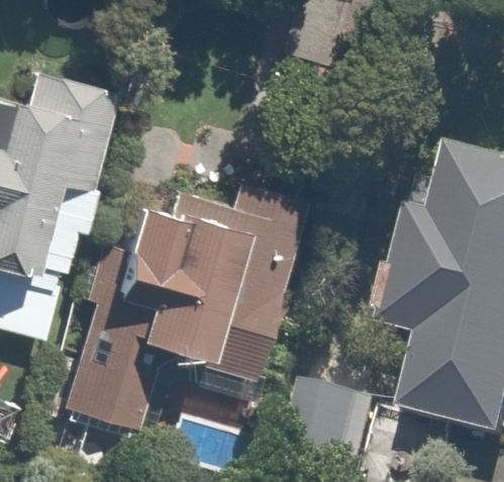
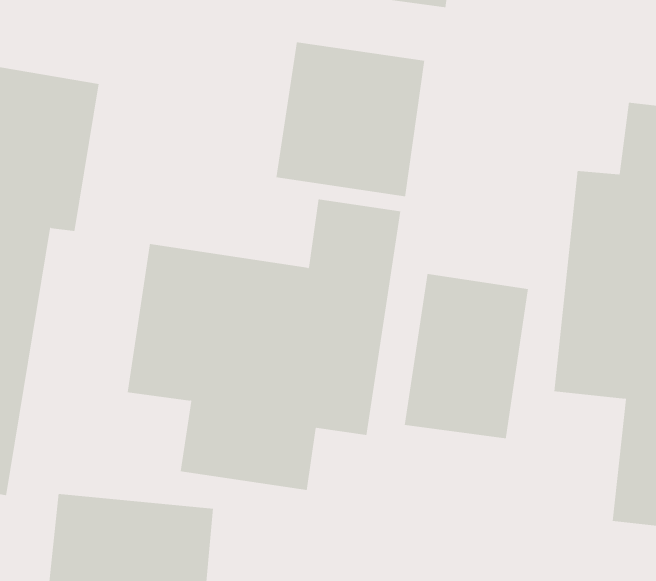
building: none -> [276,41,425,197]
building: none -> [404,273,528,439]

